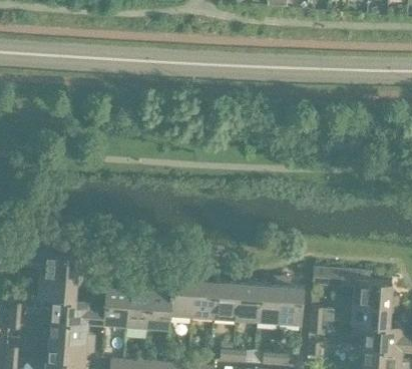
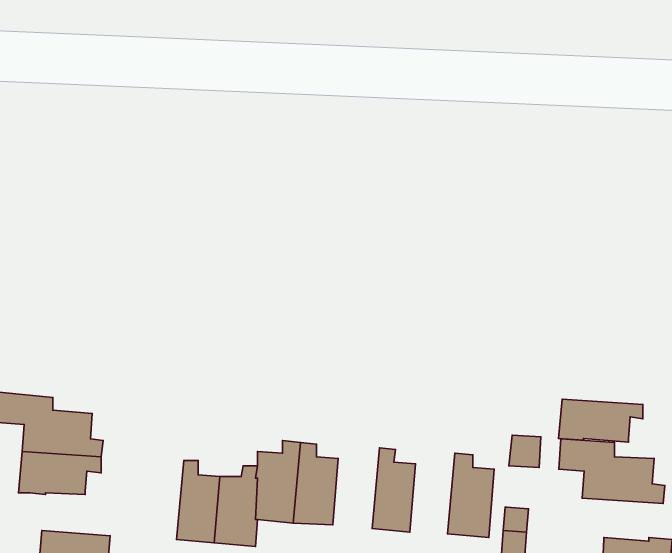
building: [214,274,240,320] -> none
building: [257,278,282,323] -> none
building: [103,281,130,326] -> none
building: [43,299,96,324] -> none
building: [351,303,398,327] -> [558,399,643,442]

